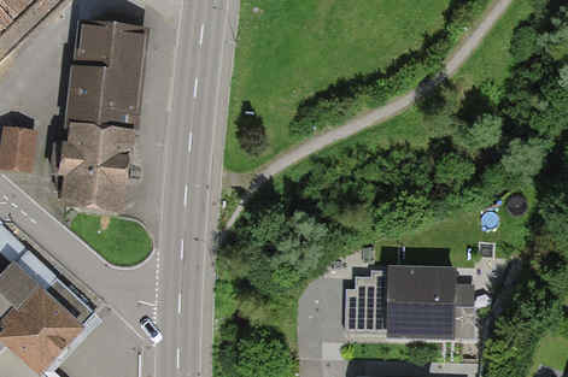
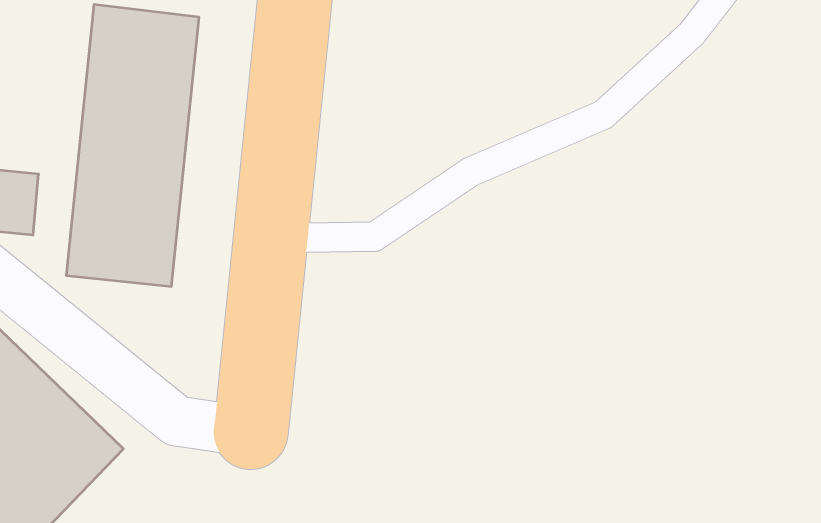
building: [342,259,474,337] -> none

